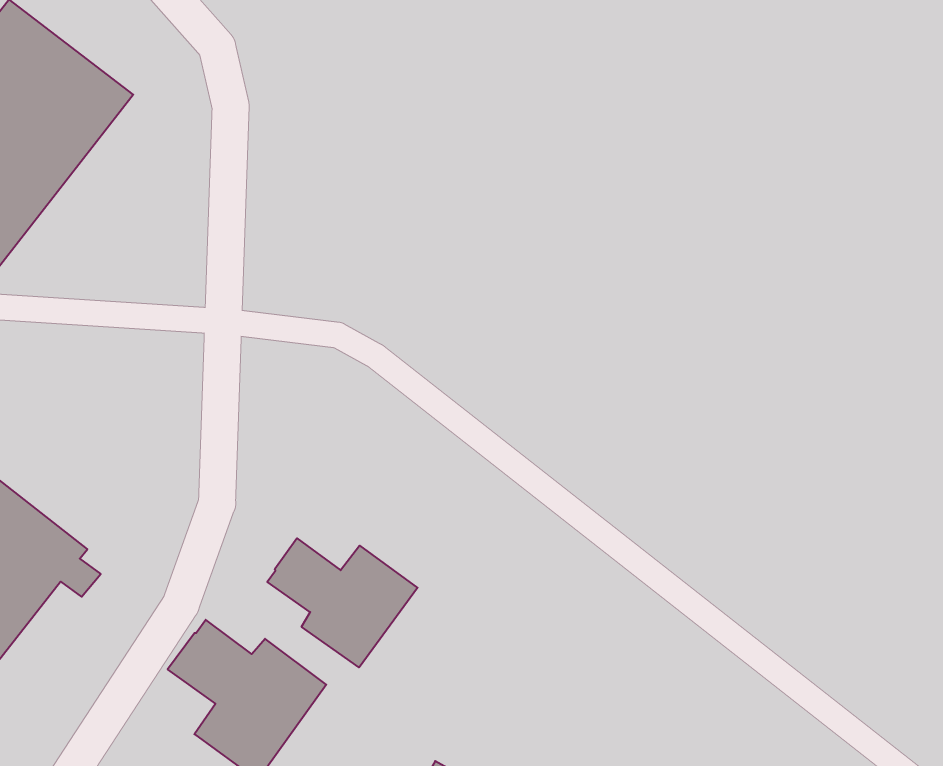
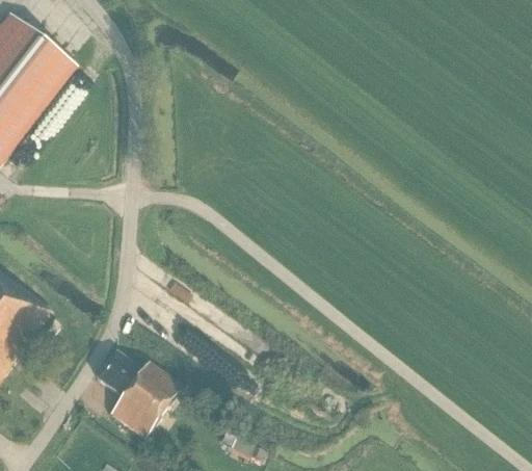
building: [267,538,418,667] -> none

